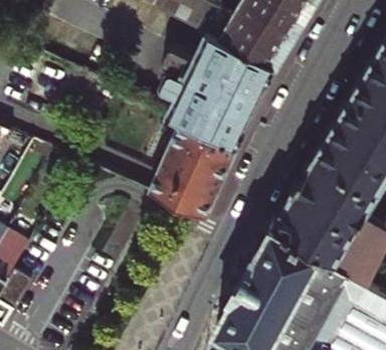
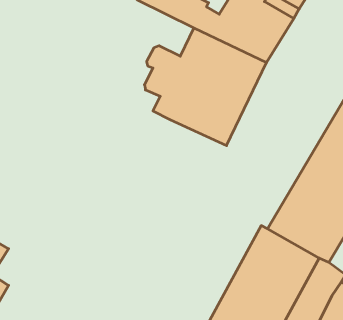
building: [150,122,238,219] -> none

